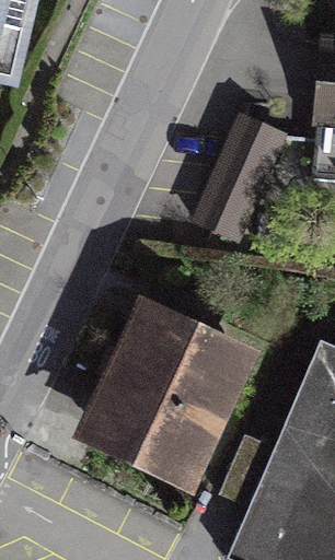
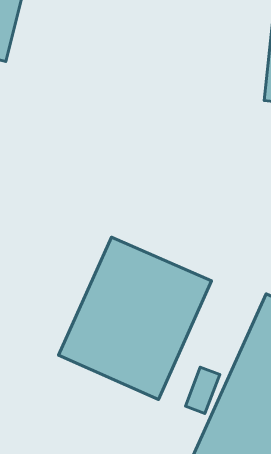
building: [193,113,286,243] -> none

